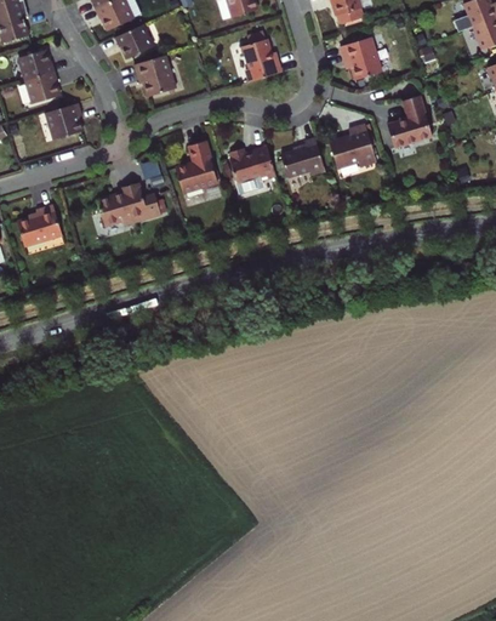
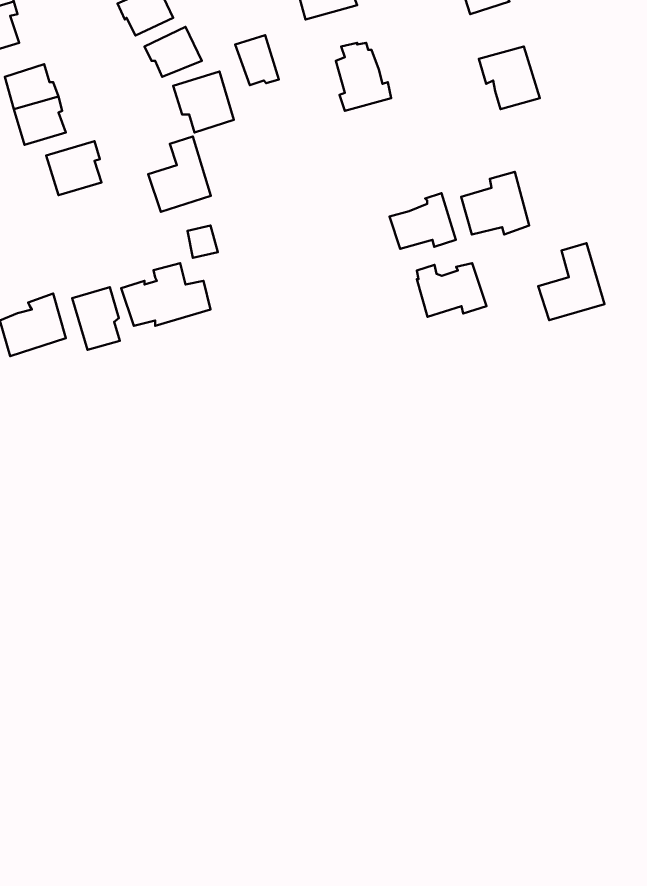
building: none -> [235,35,279,85]
building: [387,95,432,147] -> [538,243,605,320]
building: [175,141,217,192] -> [148,137,211,212]
building: [229,147,276,183] -> [417,263,487,317]
building: none -> [72,287,120,350]

